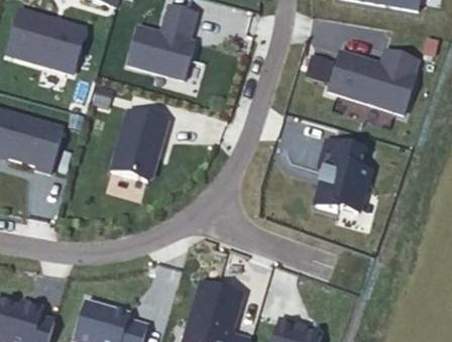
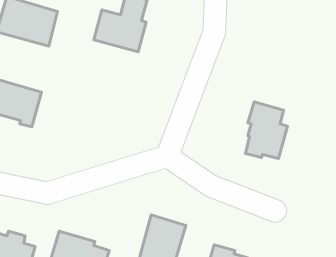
building: [329,46,419,111] -> none
building: [111,110,167,180] -> none

